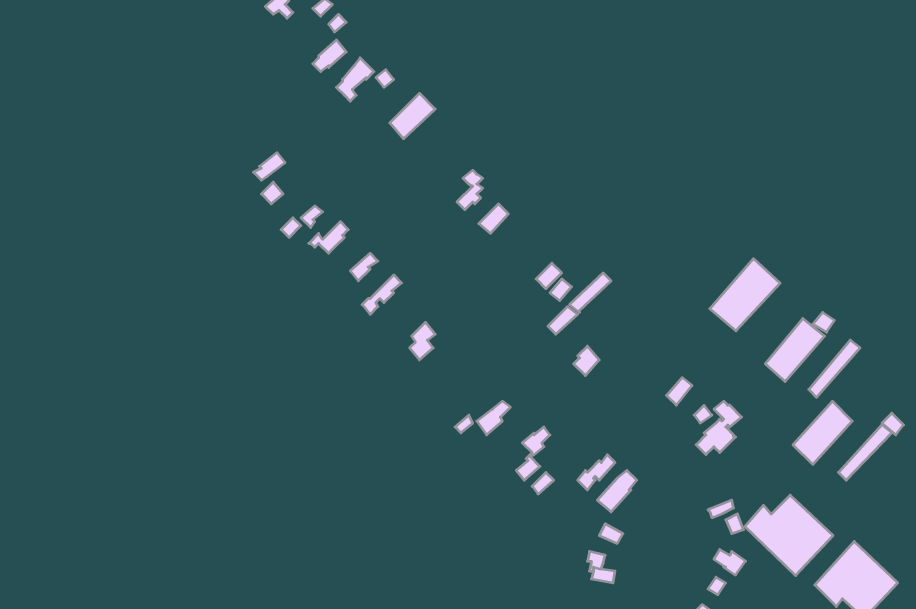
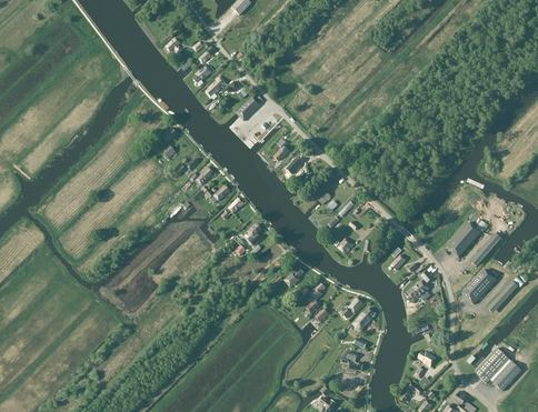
building: [710,259,780,331] -> none
building: [745,495,833,576] -> none

